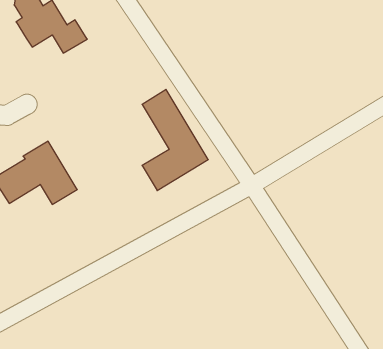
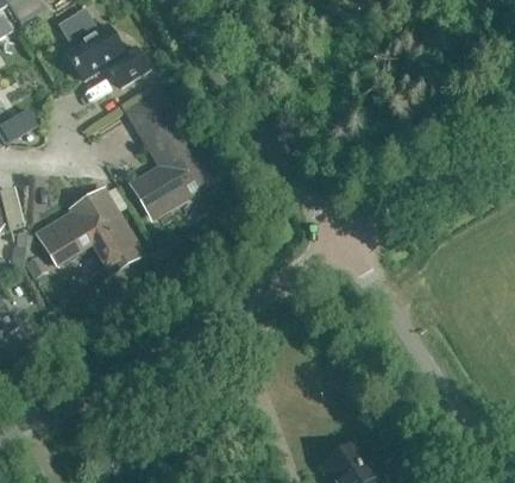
building: [142,89,208,191] -> [132,95,211,215]

